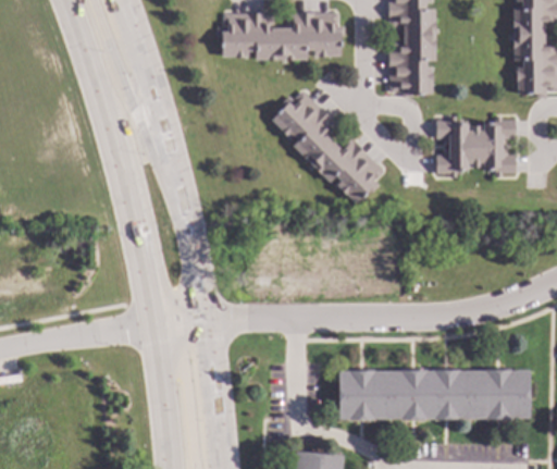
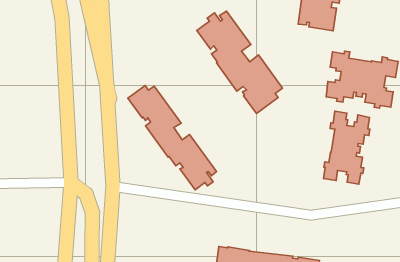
building: none -> [324,111,370,184]
building: none -> [128,86,216,190]

